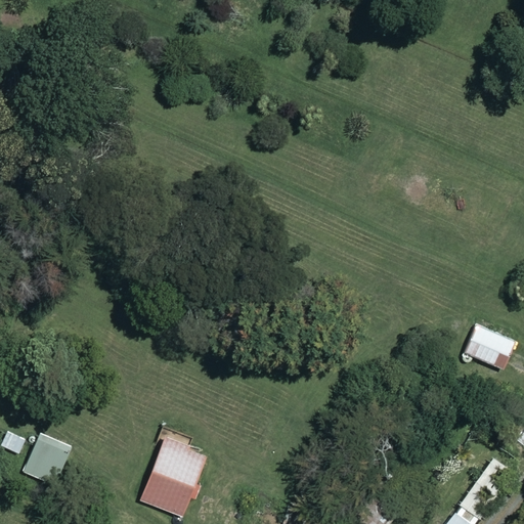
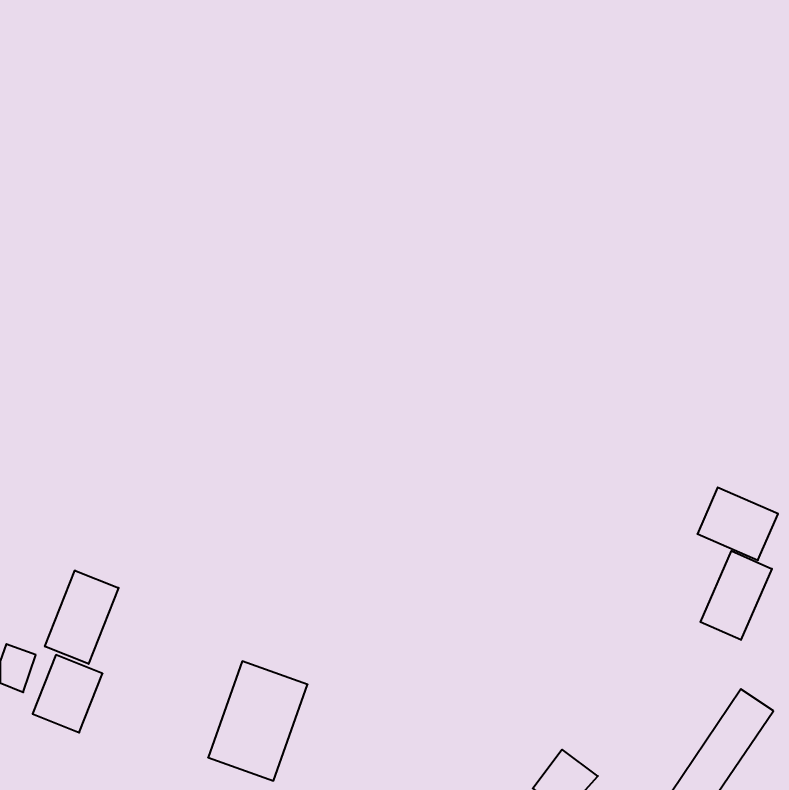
building: none -> [700,551,772,640]
building: none -> [45,570,119,664]

